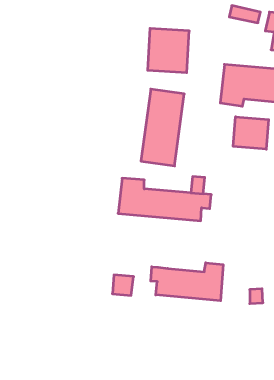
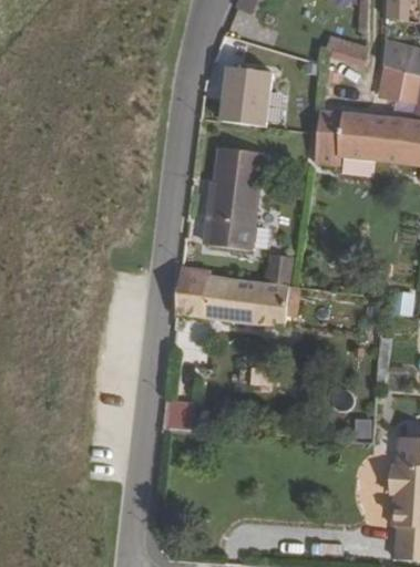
building: [233,117,269,149] -> none
building: [151,263,223,301] -> none

